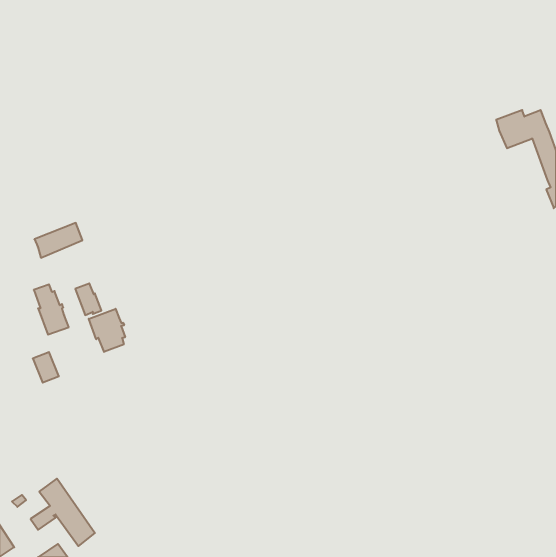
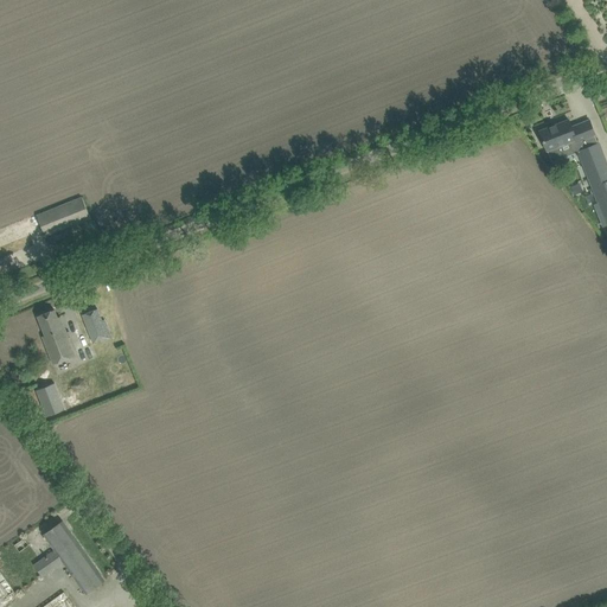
building: [34,223,82,258] -> [37,198,89,236]
building: [89,309,125,352] -> none

